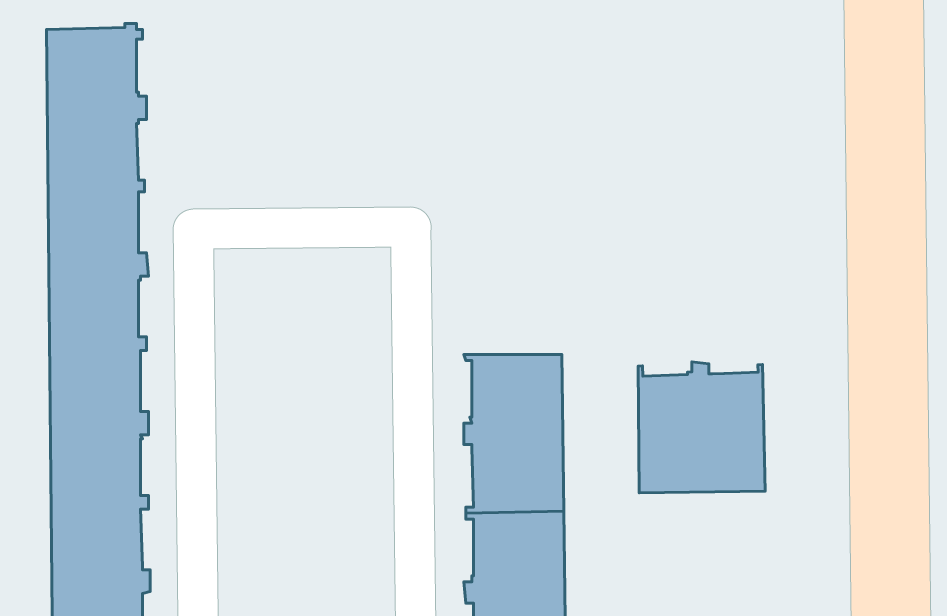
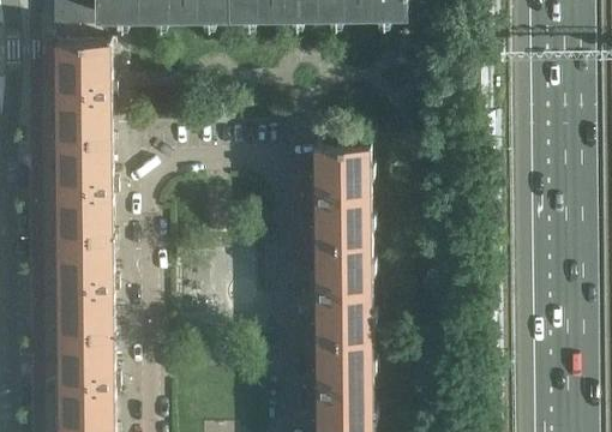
building: none -> [308,146,370,246]
building: [638,362,765,493] -> none

